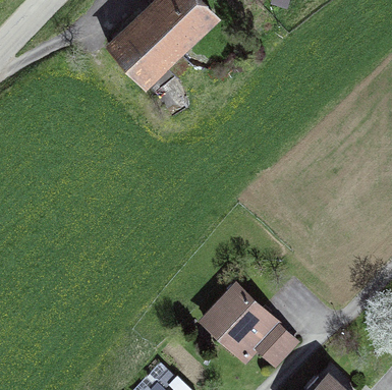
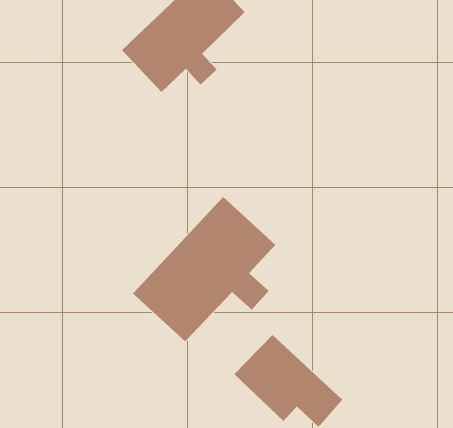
building: none -> [132,196,276,342]

